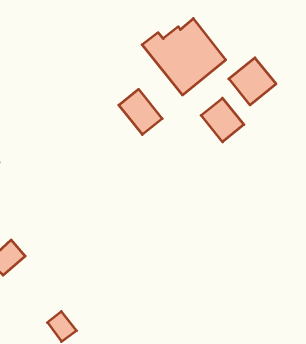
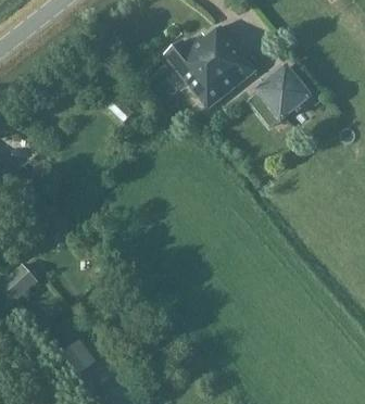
building: [119,89,162,135] -> none
building: [201,98,244,142] -> none

